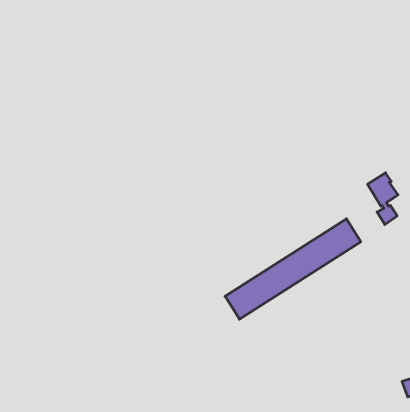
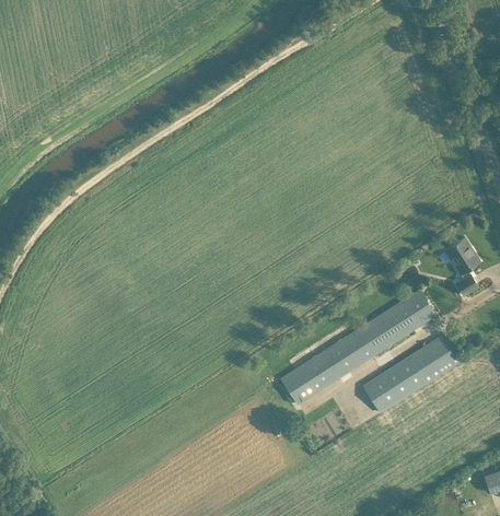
building: none -> [362,333,462,412]

